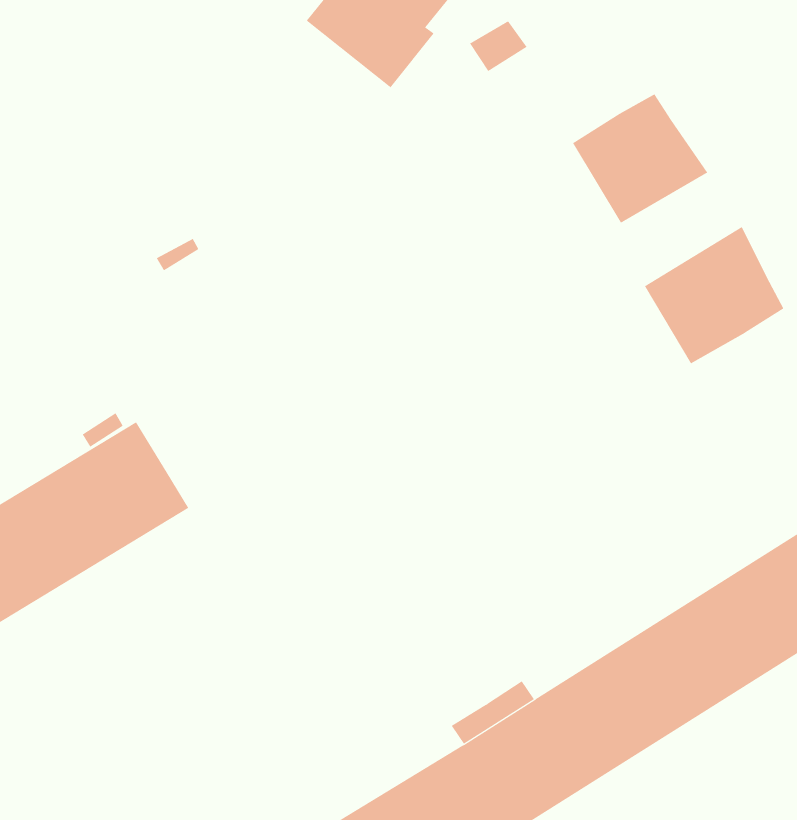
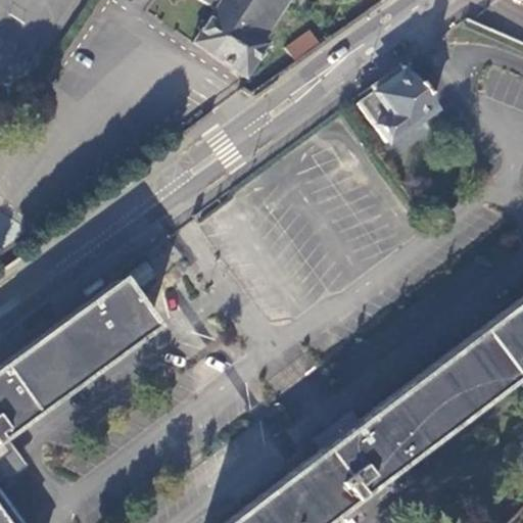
building: [644,226,784,364] -> none

